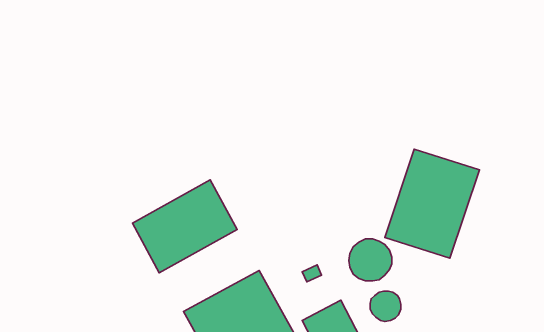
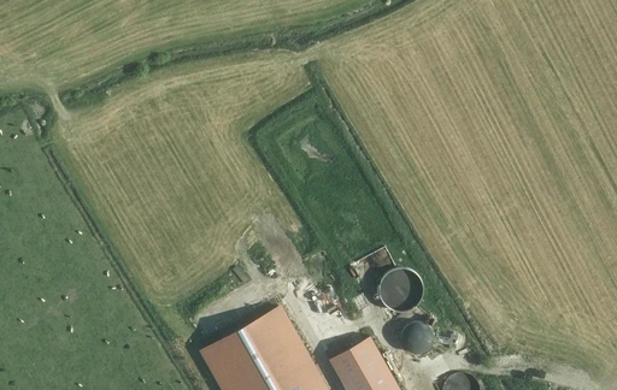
building: [385,149,479,258] -> none
building: [132,180,237,273] -> none

